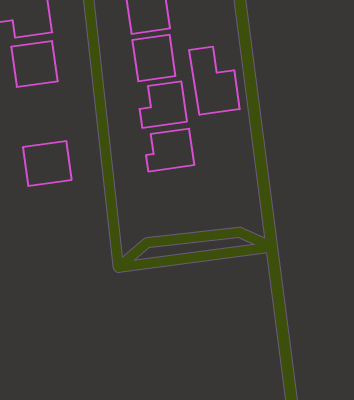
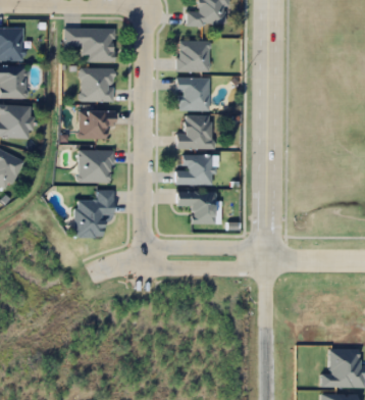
building: [189,47,240,115] -> none
building: none -> [79,110,114,139]
building: none -> [176,191,215,223]
building: none -> [74,190,113,237]

